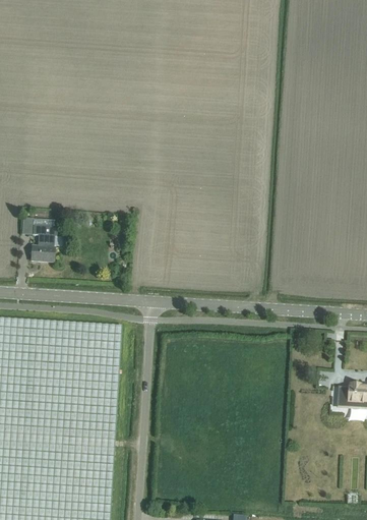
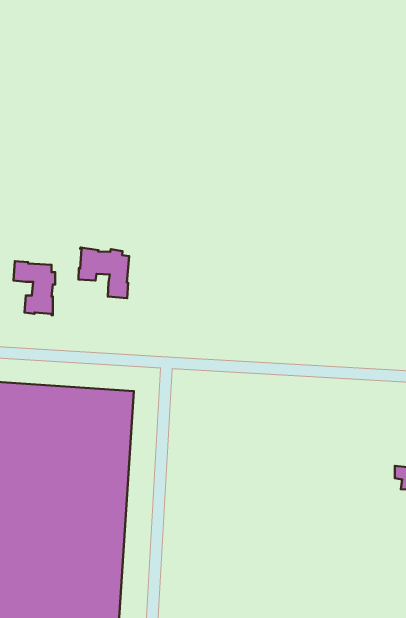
building: none -> [79,247,129,298]

